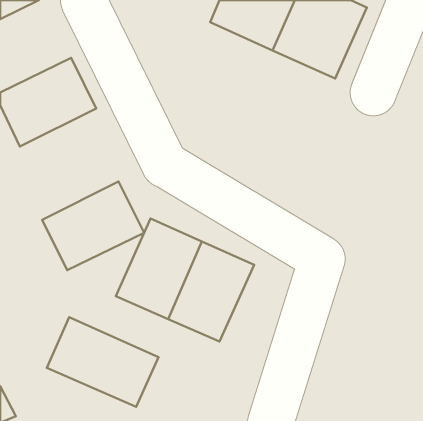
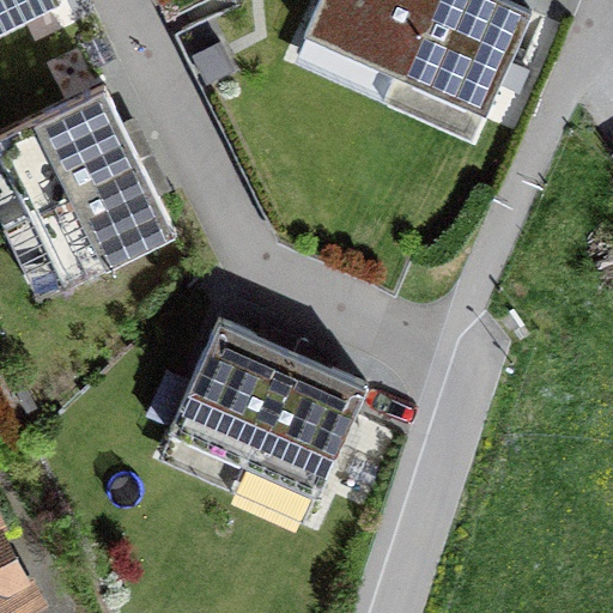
building: [42,182,144,270] -> [29,159,176,287]
building: [47,317,159,407] -> none

